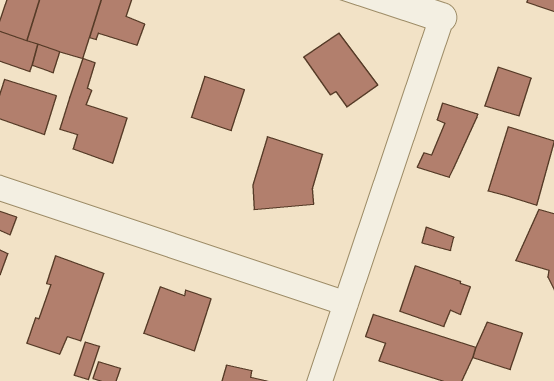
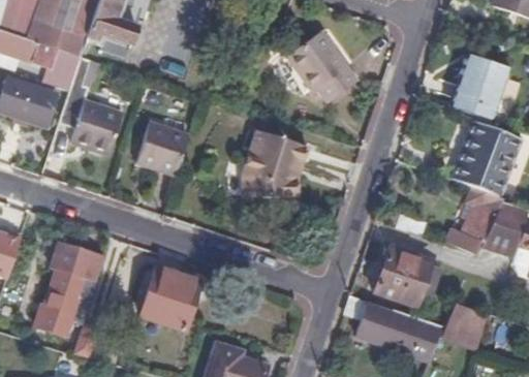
building: none -> [42,50,81,92]
building: [191,76,244,131] -> [136,121,186,171]
building: [417,103,478,177] -> [452,184,508,253]

